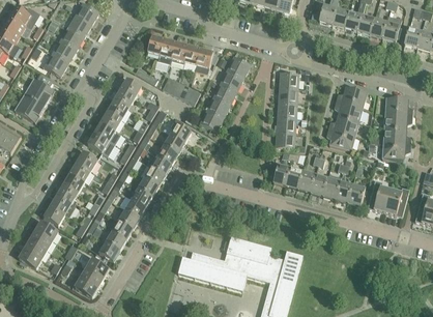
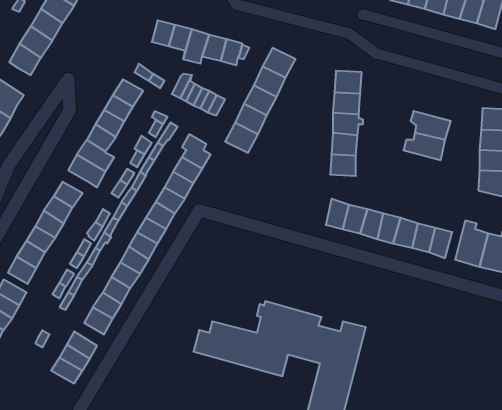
building: [336,87,367,108] -> none
building: [326,128,355,150] -> none

